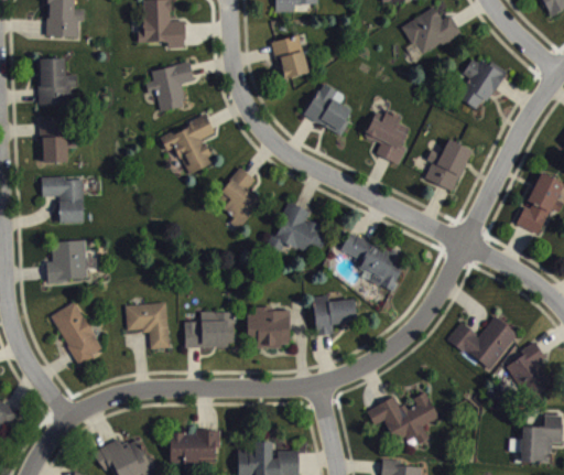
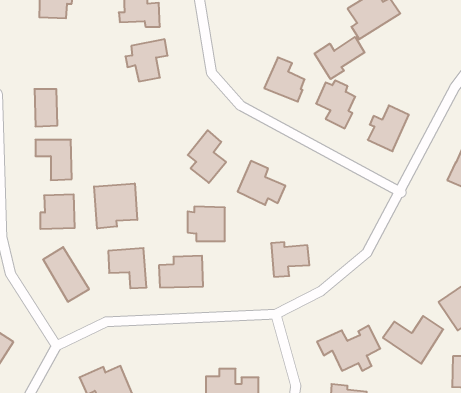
building: [271,34,308,78] -> none
building: [458,56,503,109] -> none
building: [37,57,76,105] -> none
building: none -> [315,37,365,79]
building: [160,116,215,174] -> none
building: none -> [94,183,137,229]
building: [341,233,406,290] -> none
building: [247,307,290,347] -> [188,207,225,241]
building: [447,315,517,370] -> [383,316,443,364]
building: [171,430,220,464] -> none

